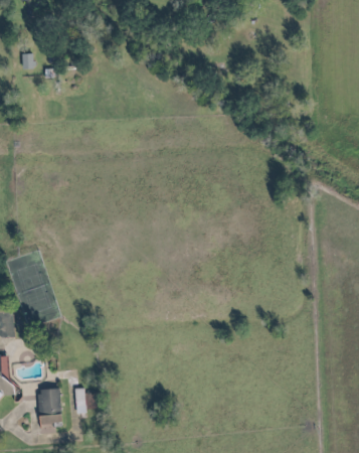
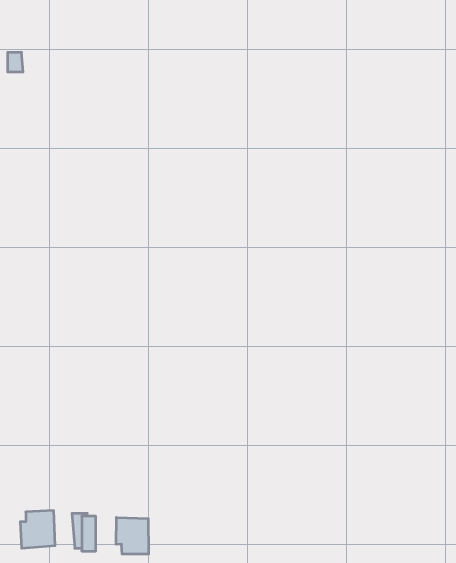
building: none -> [116,517,149,554]

